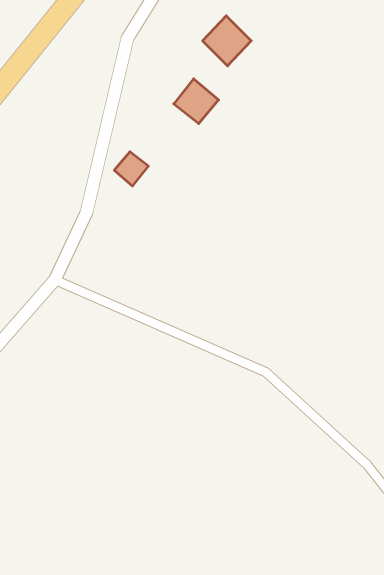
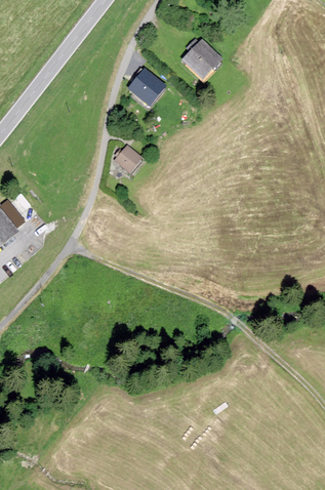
building: [174,79,219,124] -> [128,70,163,105]

